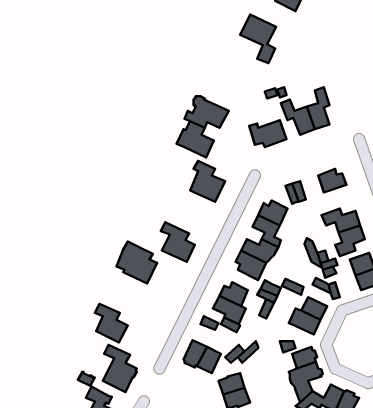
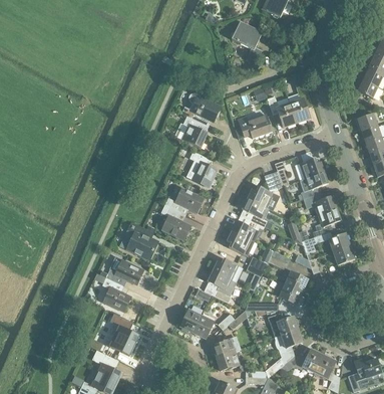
building: none -> [300,172,328,199]
building: none -> [164,188,204,215]
building: none -> [106,256,143,284]

